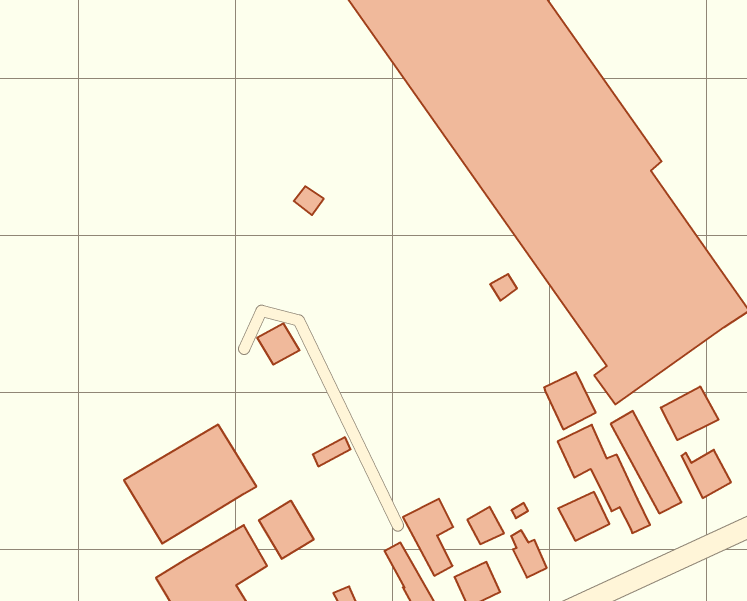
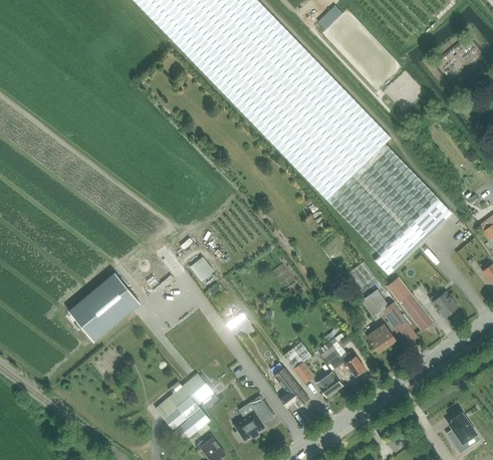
building: [661,386,719,440] -> none
building: [124,425,256,544] -> [68,273,141,342]
building: [259,501,314,559] -> none

